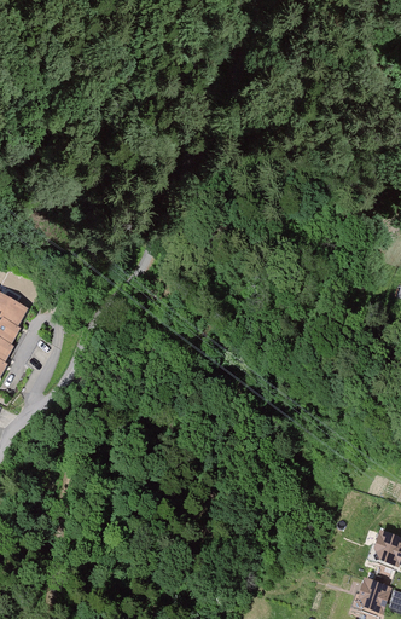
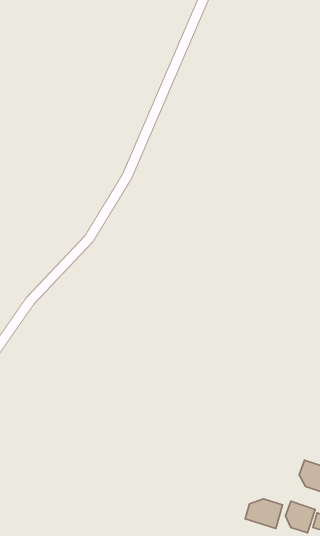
building: none -> [245,499,283,529]

